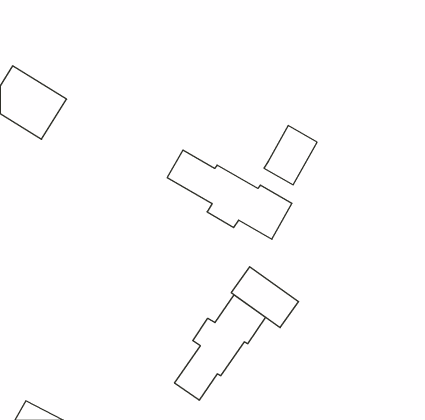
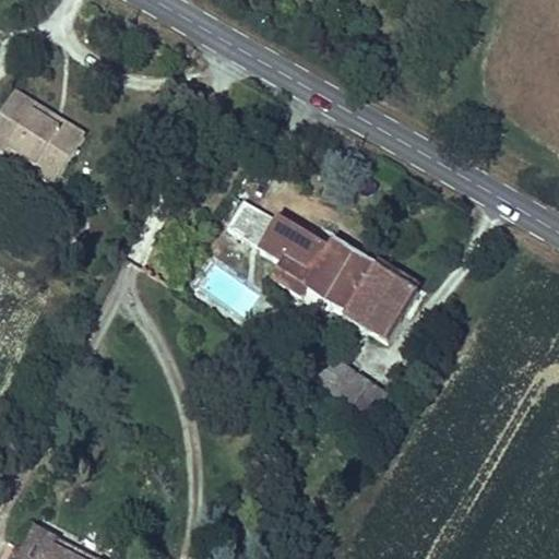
building: [264,126,317,185] -> [352,266,421,344]
building: [175,295,266,400] -> none

